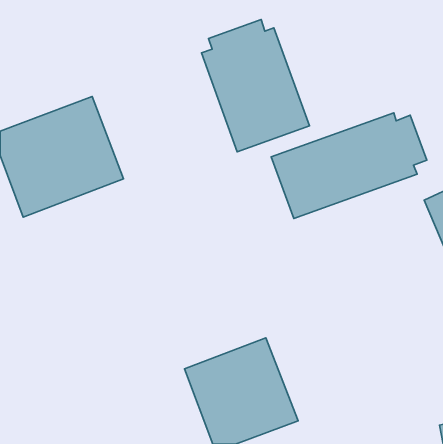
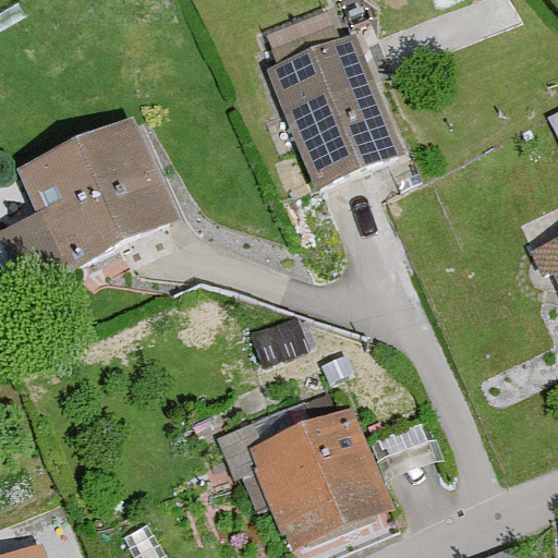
building: [271,113,427,218] -> none

